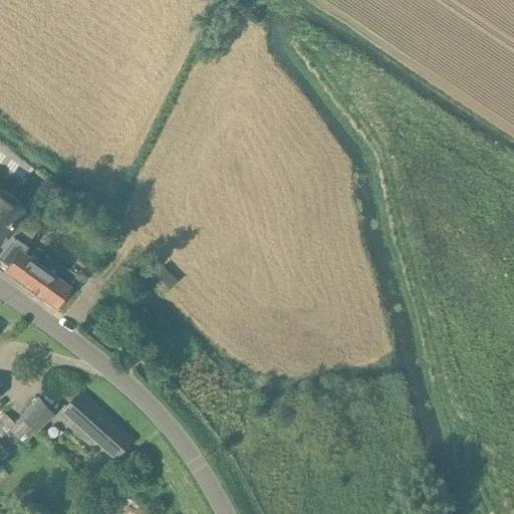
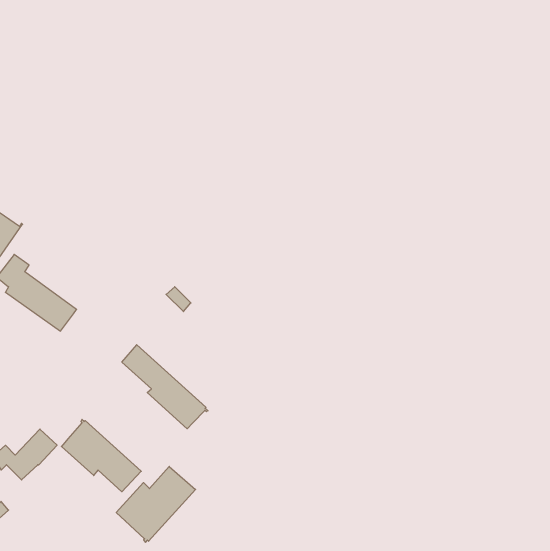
building: none -> [122,345,208,429]
building: none -> [116,466,196,542]

